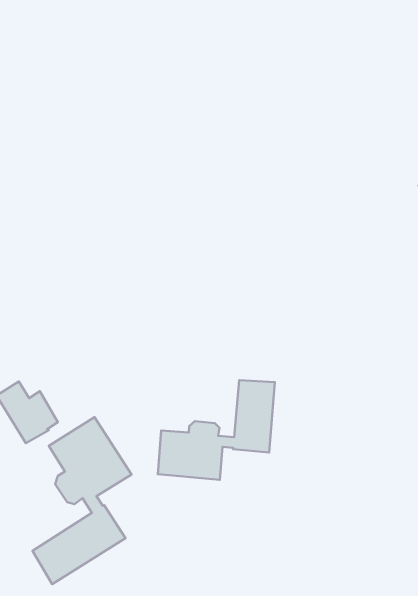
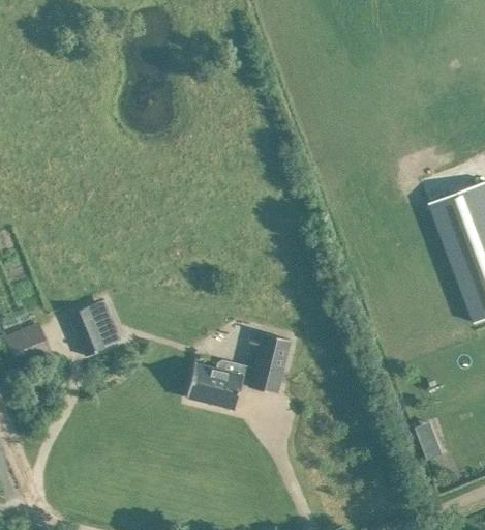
building: [32,417,131,584] -> none

